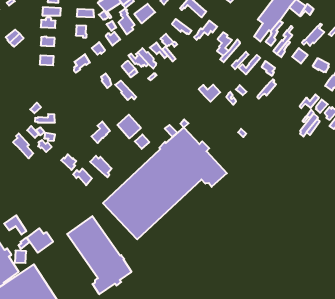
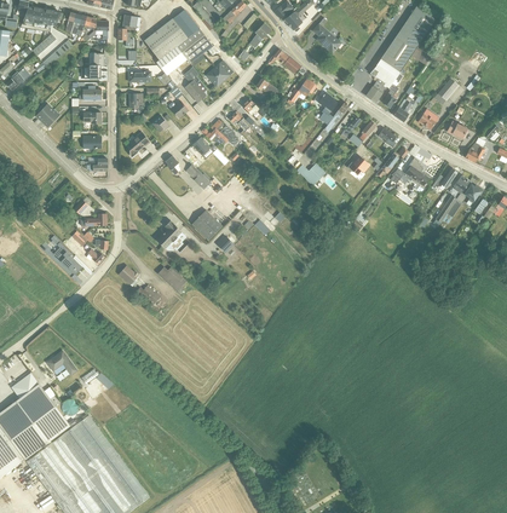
building: none -> [388,156,428,190]
building: [103,128,227,239] -> none
building: [67,216,131,294] -> none

